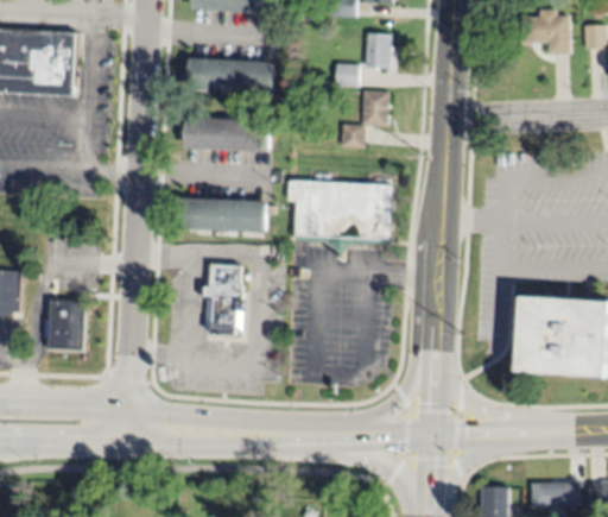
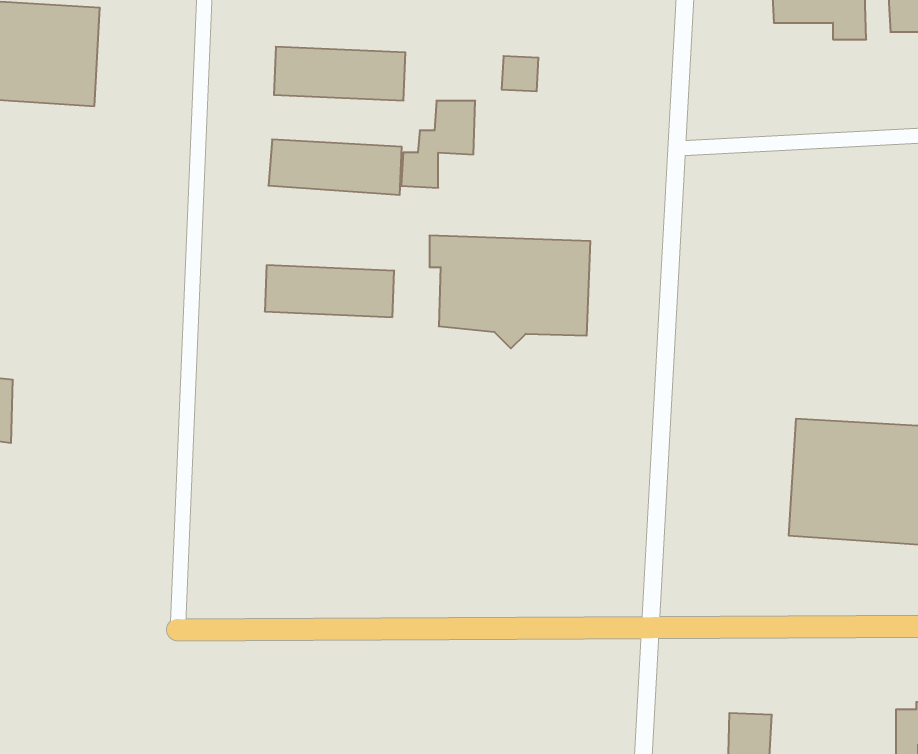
building: [365,32,391,68] -> none
building: [341,90,388,146] -> [401,101,475,188]
building: [203,264,245,332] -> none
building: [46,301,86,355] -> none
building: [531,481,580,506] -> none

